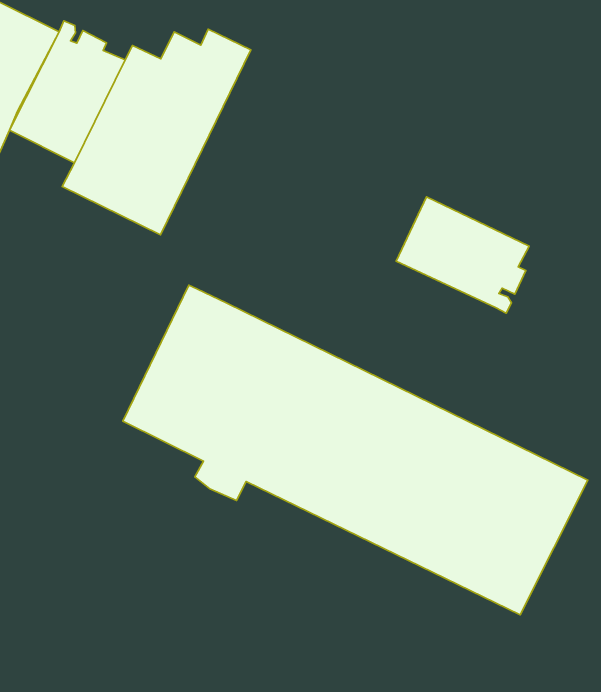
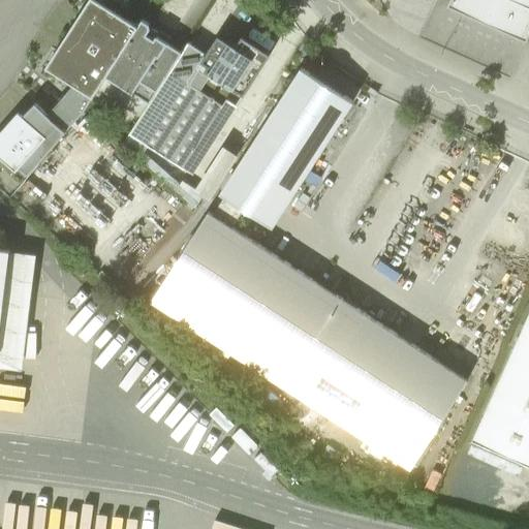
building: none -> [213,68,353,228]
building: [396,197,529,313] -> none

